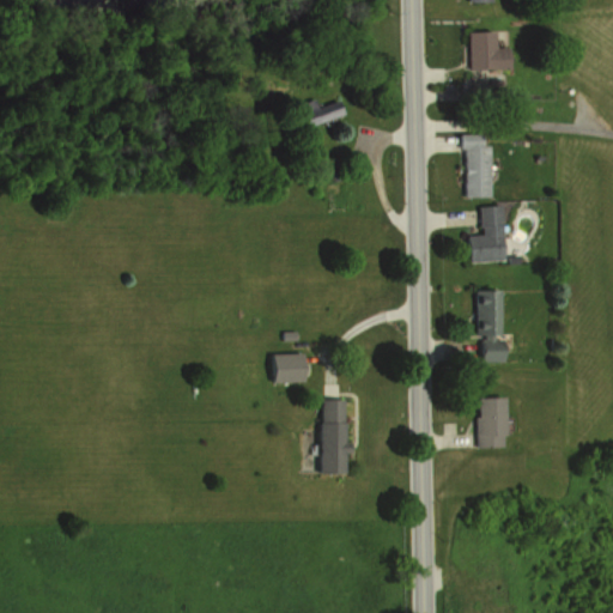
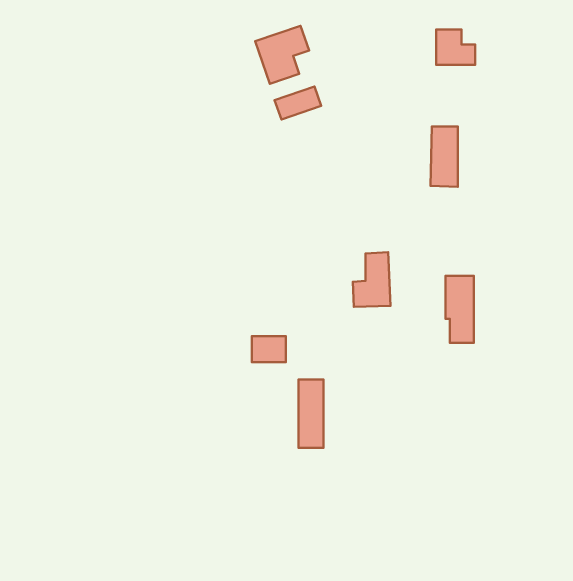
building: none -> [255,26,309,84]
building: [468,205,508,262] -> [353,252,390,307]
building: [479,399,508,448] -> none

